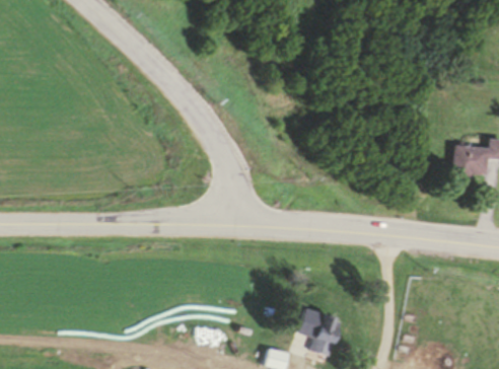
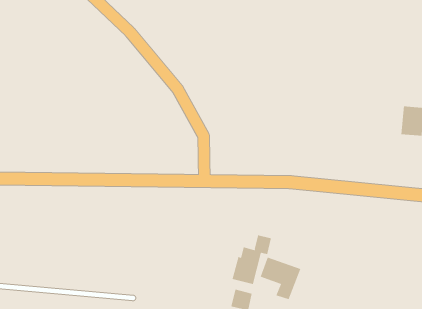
building: none -> [232,235,271,285]

